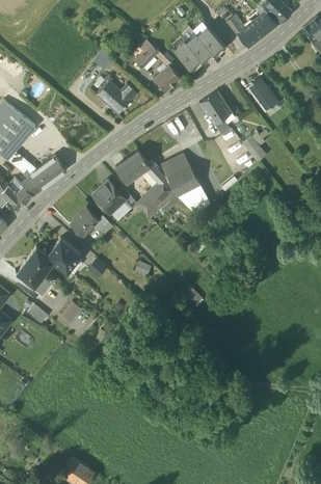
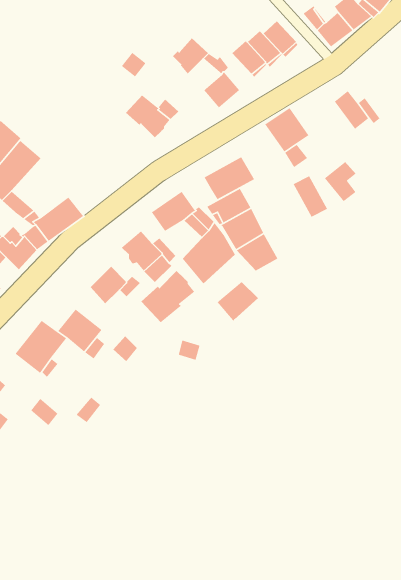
building: none -> [203,156,255,200]
building: none -> [141,270,195,323]
building: none -> [217,281,259,322]

